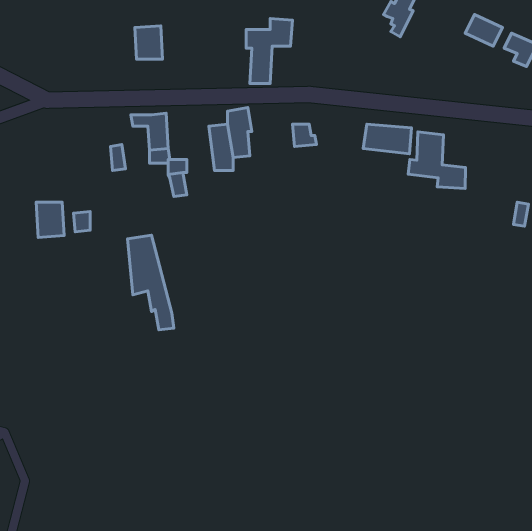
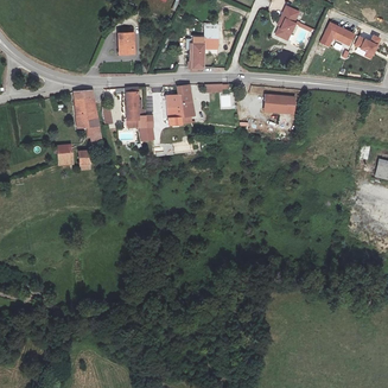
building: [408,132,465,189] -> none
building: [127,235,174,330] -> [76,90,106,151]

